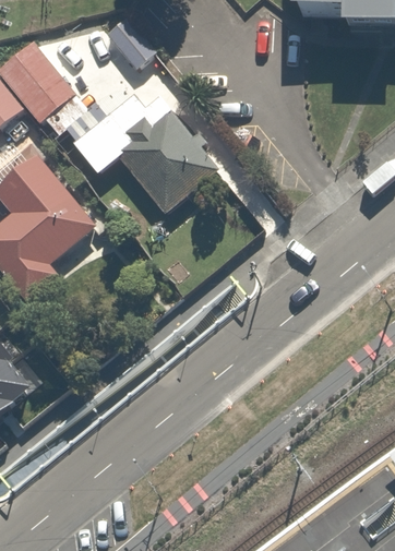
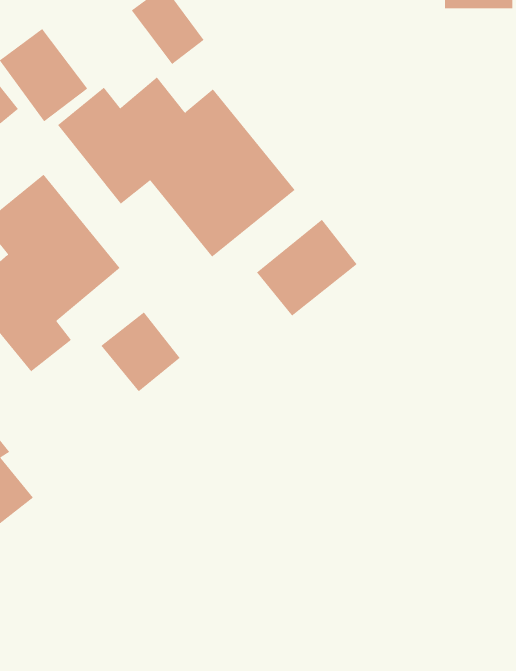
building: none -> [256,219,358,316]
building: none -> [101,311,181,392]

